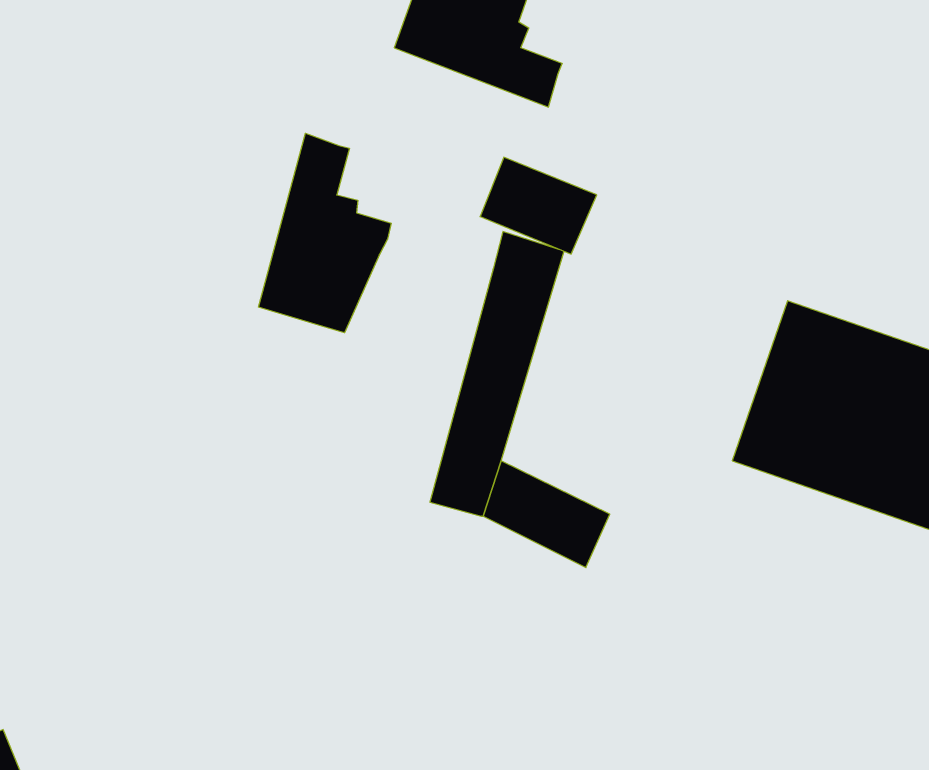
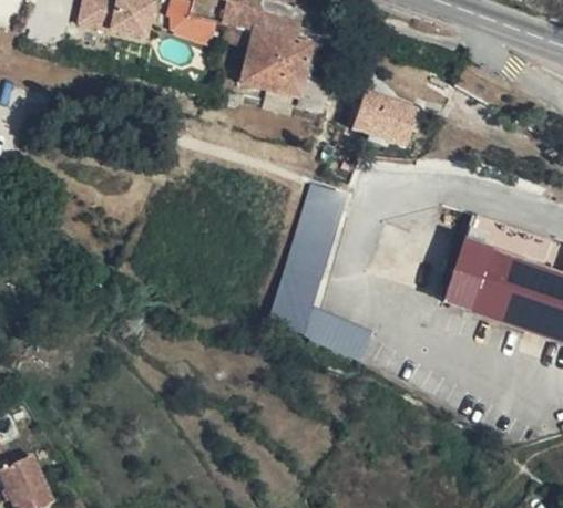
building: [258,133,391,333] -> none
building: [480,157,597,254] -> [362,95,428,149]

